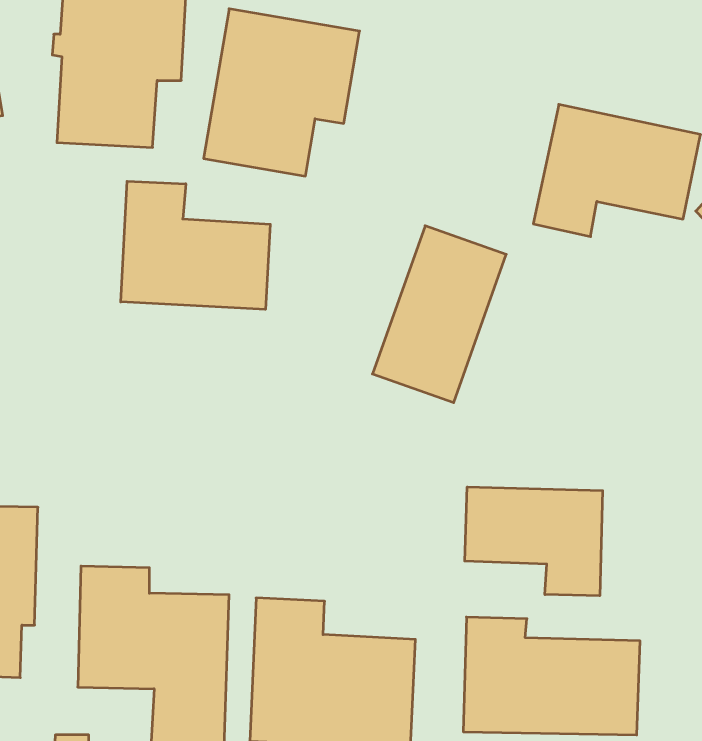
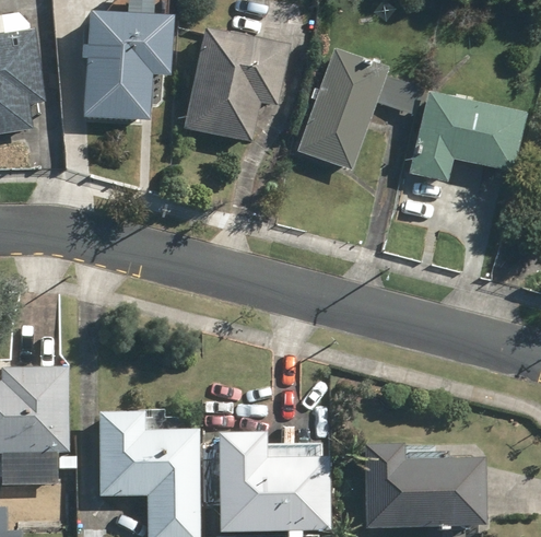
building: [121,181,270,309] -> none
building: [372,226,506,403] -> [297,49,389,171]
building: [465,487,603,596] -> none

